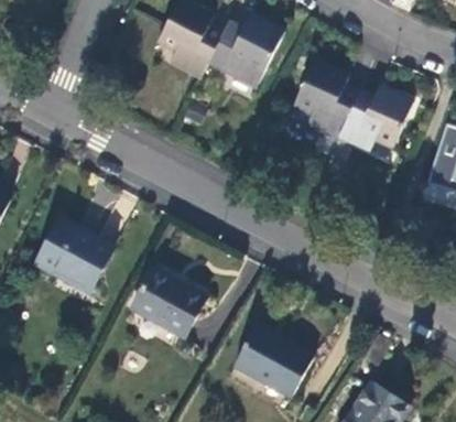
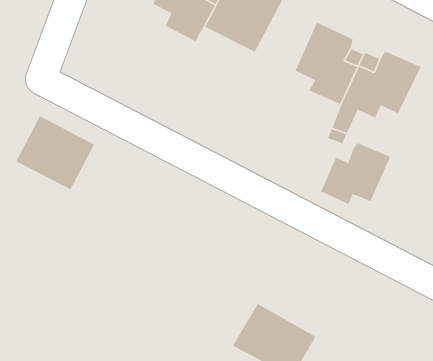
building: none -> [320,142,391,205]
building: [35,220,111,292] -> [15,115,95,190]
building: [131,269,204,337] -> none

